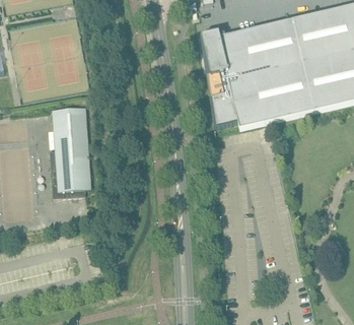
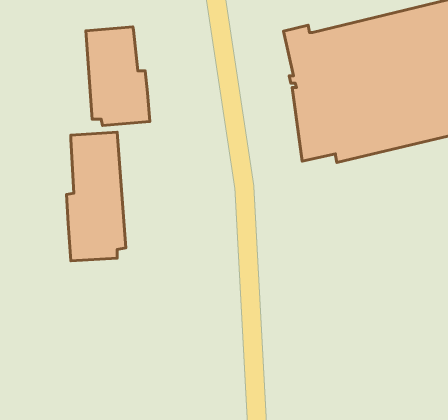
building: none -> [86,27,150,126]

